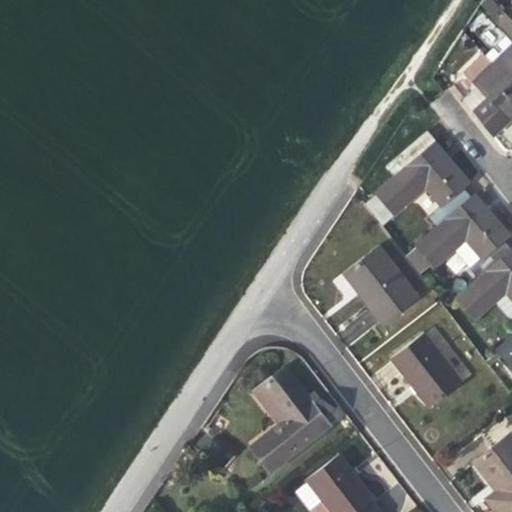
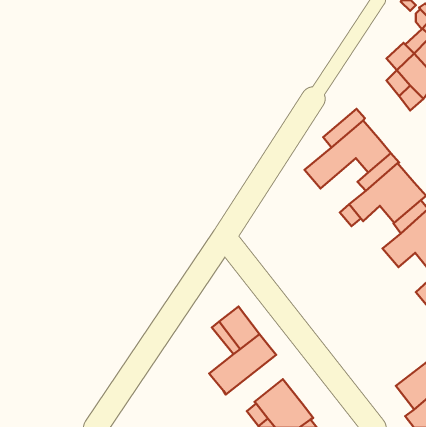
building: [345,246,420,325] -> none
building: [392,332,464,408] -> none

